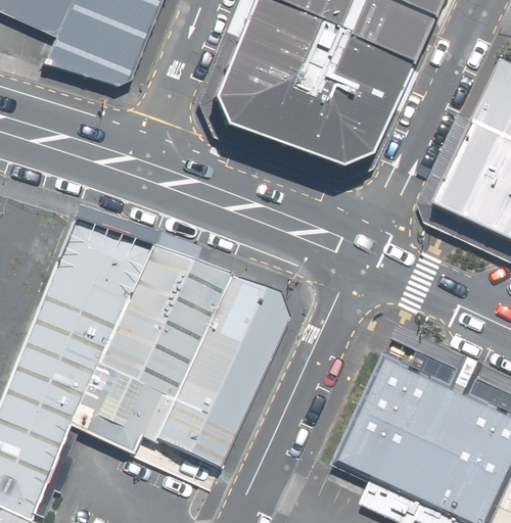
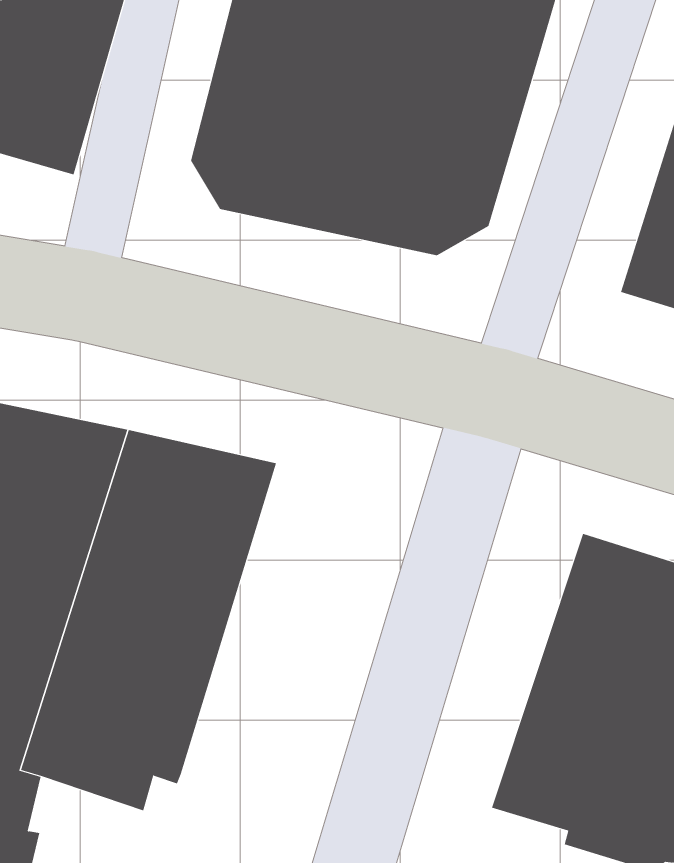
building: [157,274,291,467] -> none

